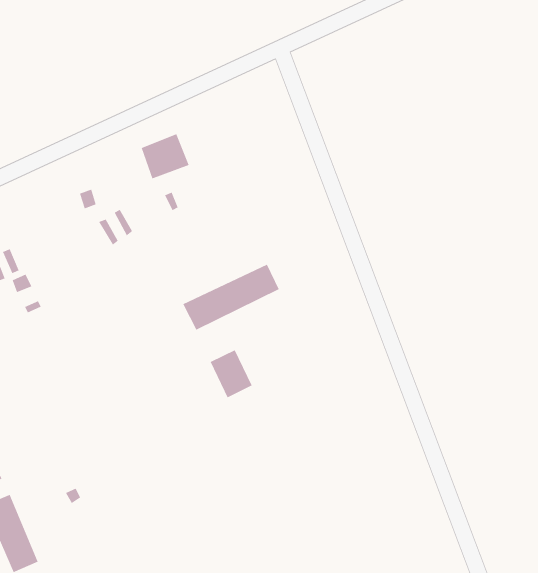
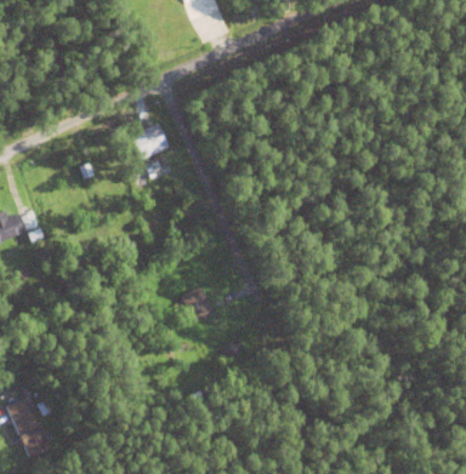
building: [183,264,279,331] -> none

